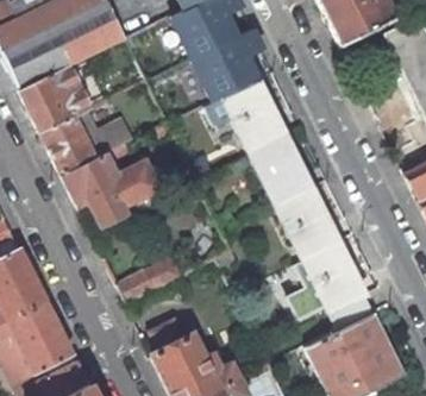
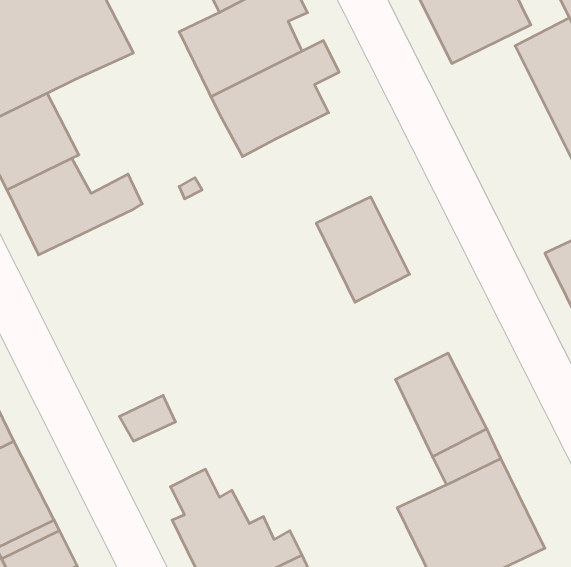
building: [224,78,288,153] -> none
building: [63,144,151,222] -> none
building: [277,188,340,259] -> none

